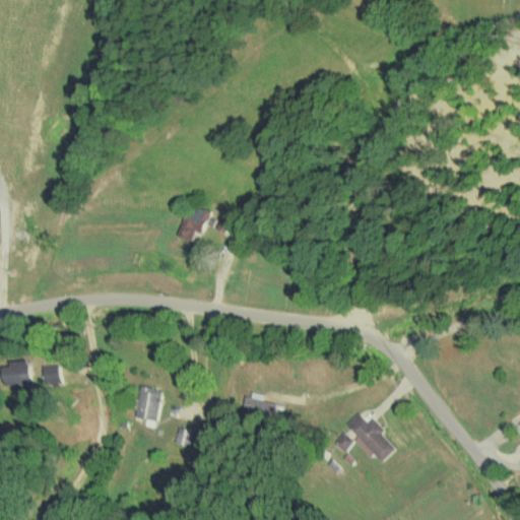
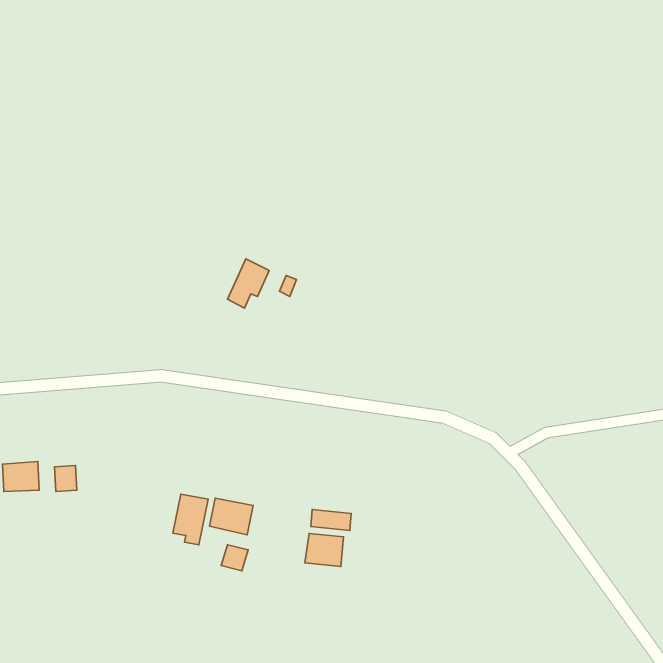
building: none -> [209,498,253,535]
building: [332,414,396,462] -> none
building: none -> [305,533,343,567]

